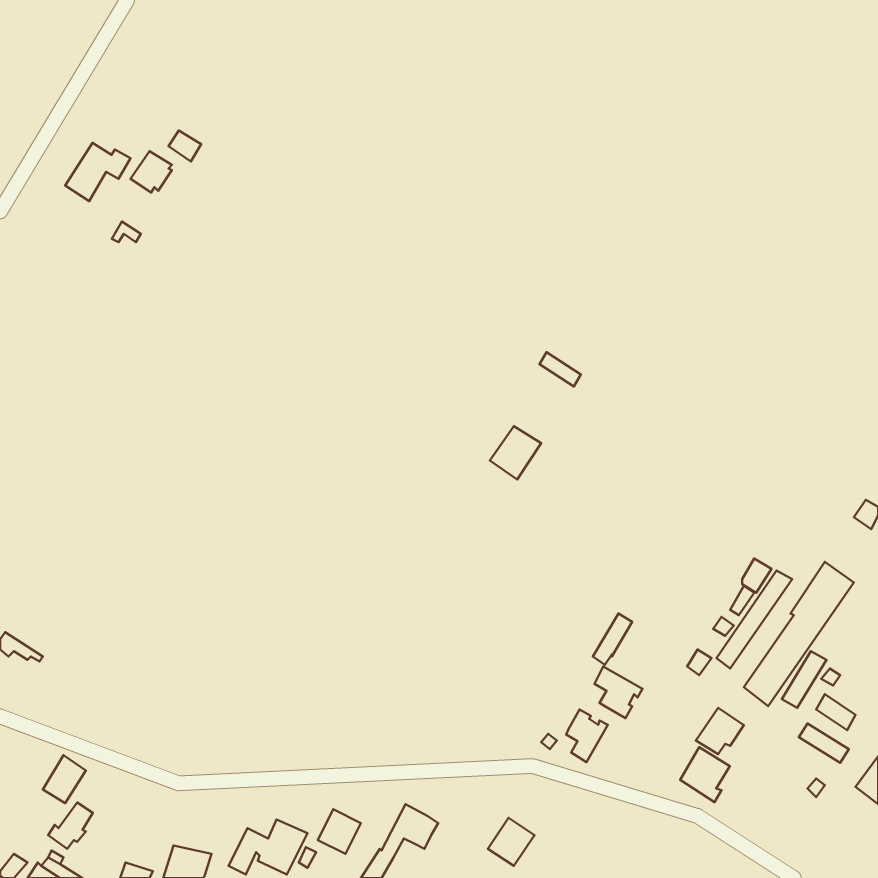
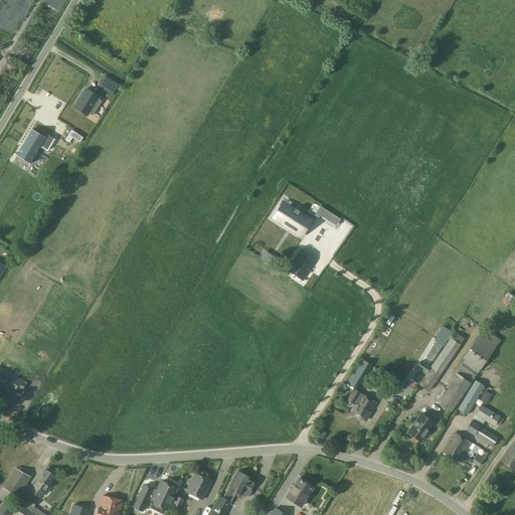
building: [65,143,130,201] -> [16,130,54,164]
building: none -> [271,200,313,238]
building: [566,709,608,762] -> none
building: [680,747,730,802] -> [443,433,472,465]
building: [43,755,86,803] -> [4,468,29,496]

